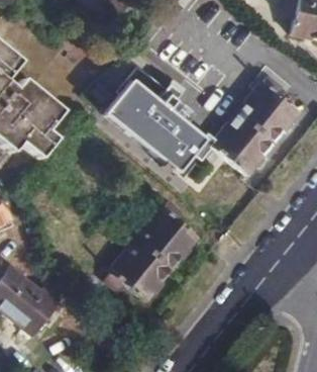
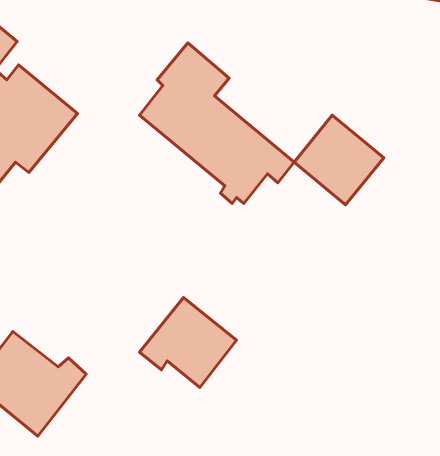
building: [237,71,302,142] -> none
building: [135,199,197,267] -> none

